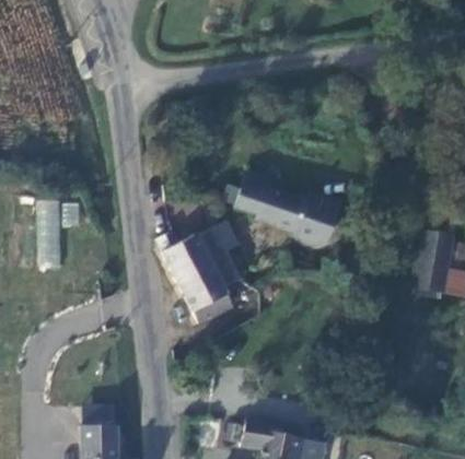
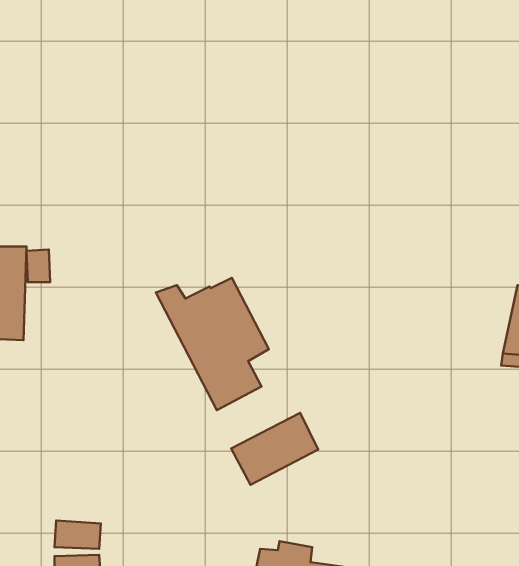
building: [234,172,337,247] -> none
building: none -> [231,413,318,485]

